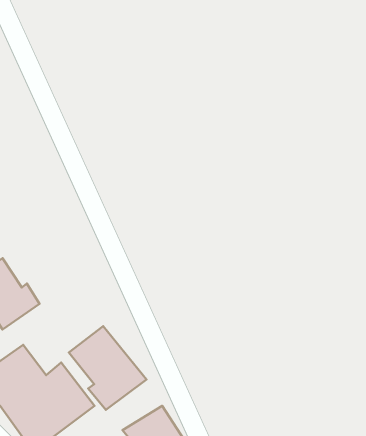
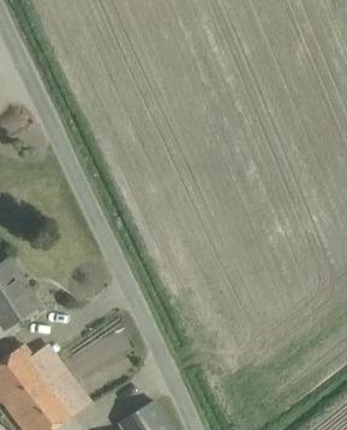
building: [69,326,146,410] -> none

